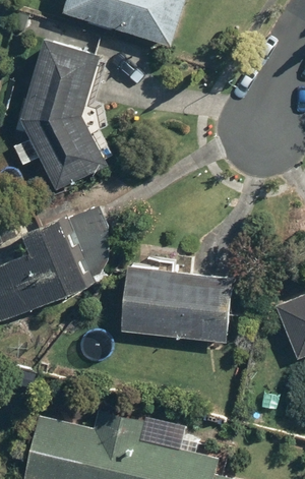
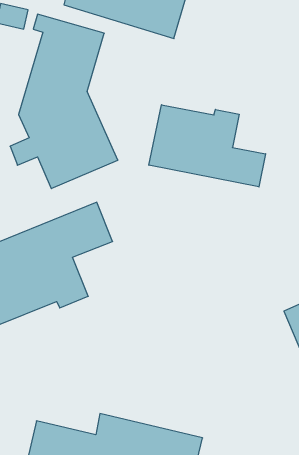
building: none -> [149,105,266,187]
building: [120,260,231,343] -> none

